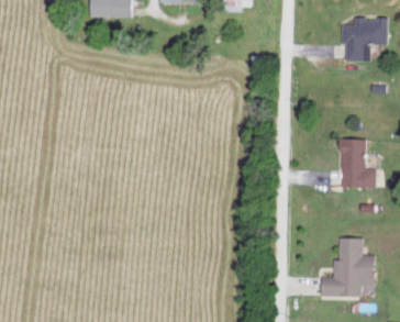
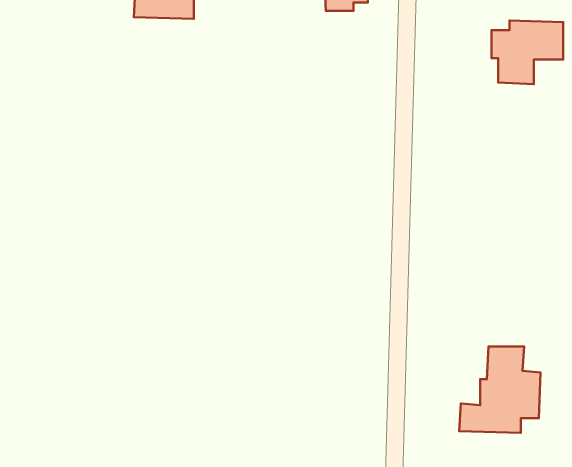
building: [337,140,375,188] -> none

